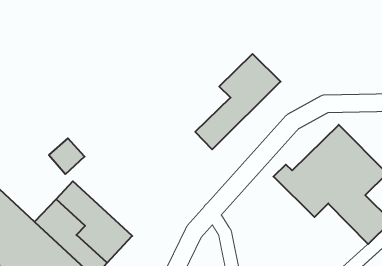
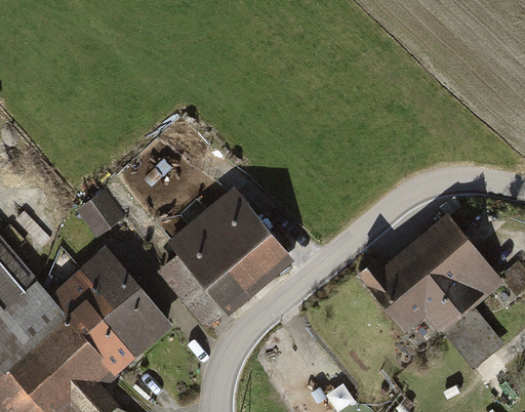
building: [195,54,281,149] -> none
building: none -> [159,186,293,328]

